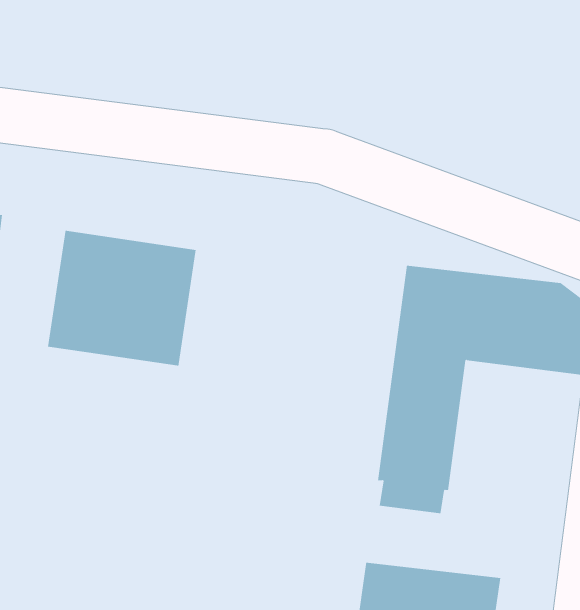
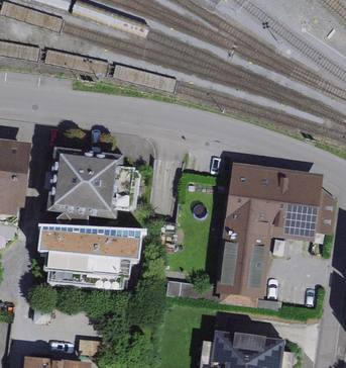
building: none -> [40,216,142,290]

